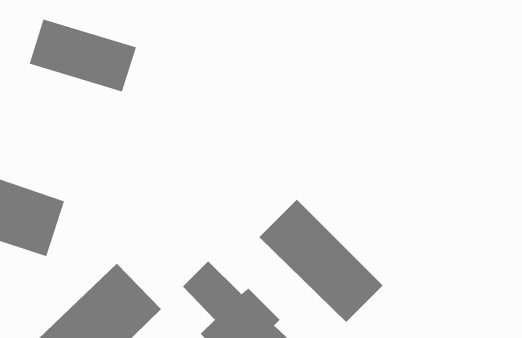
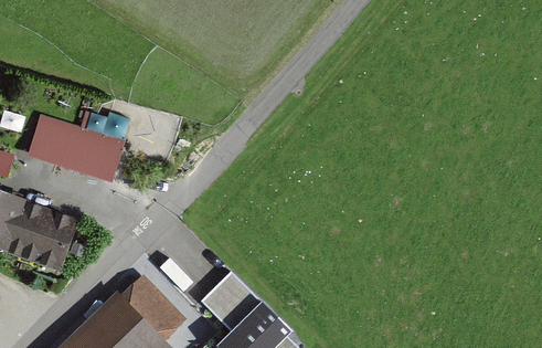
building: [29,19,137,92] -> [31,116,131,184]
building: [259,199,383,323] -> none

